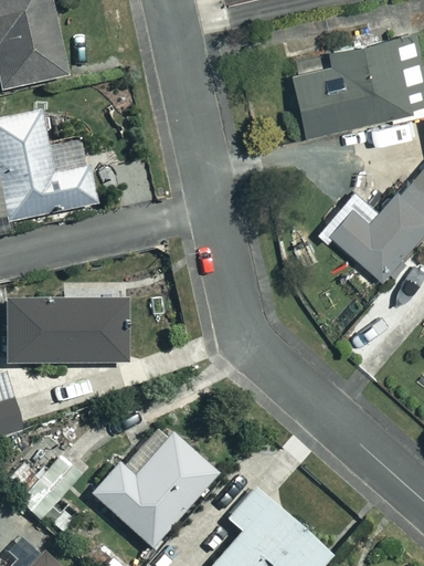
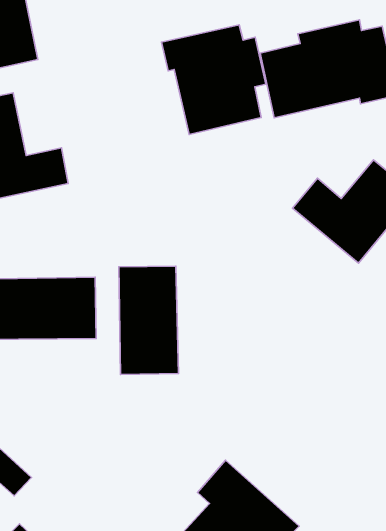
building: none -> [162,25,266,135]
building: none -> [119,266,179,375]
building: [93,423,219,547] -> none

